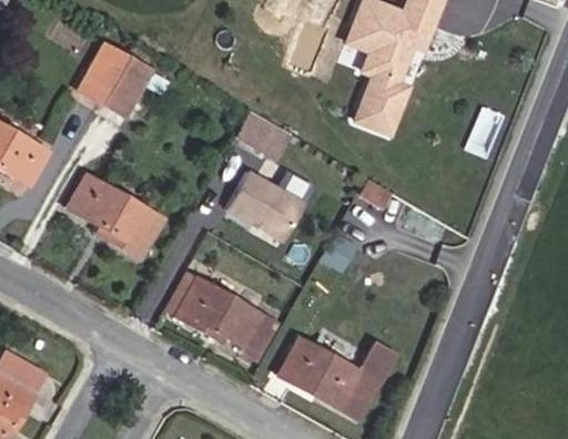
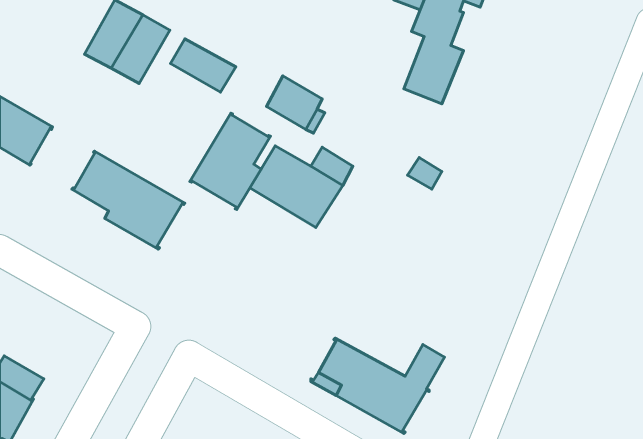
building: none -> [171,39,236,92]
building: none -> [190,113,270,209]
building: [173,276,277,359] -> none

